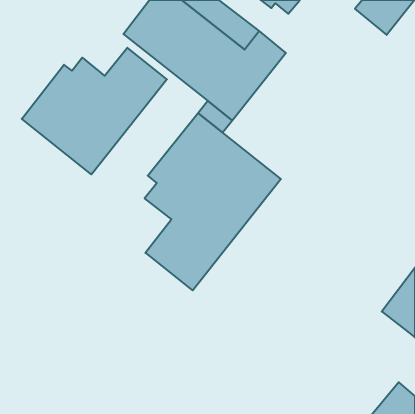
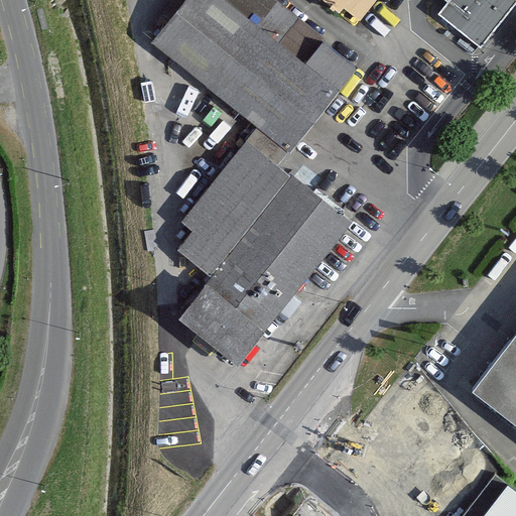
building: [22,48,167,174] -> none

